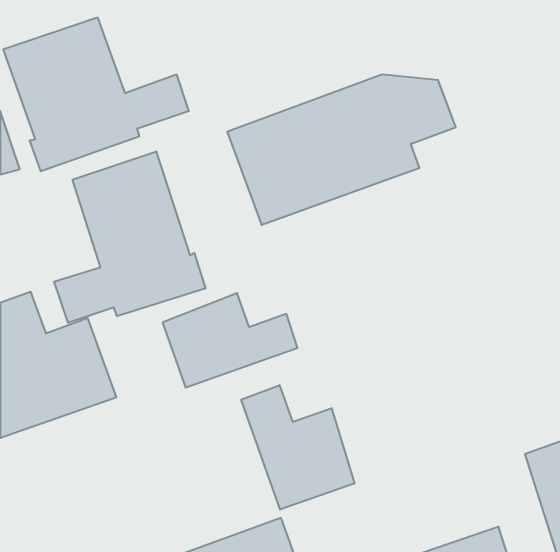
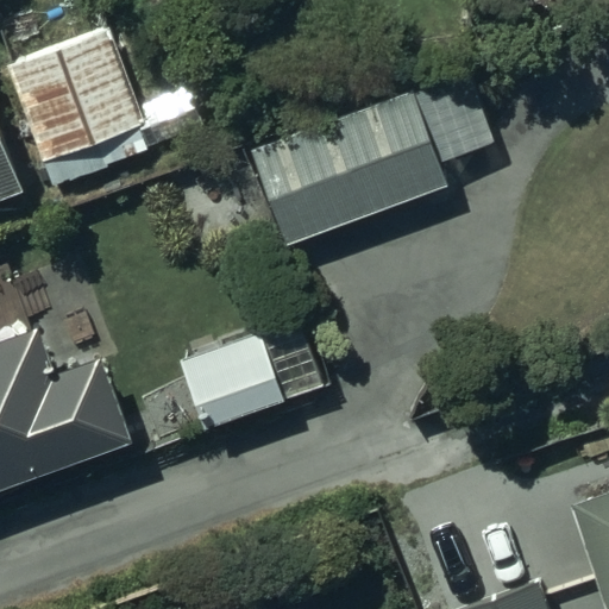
building: [54,151,206,323] -> none
building: [241,385,354,510] -> none

